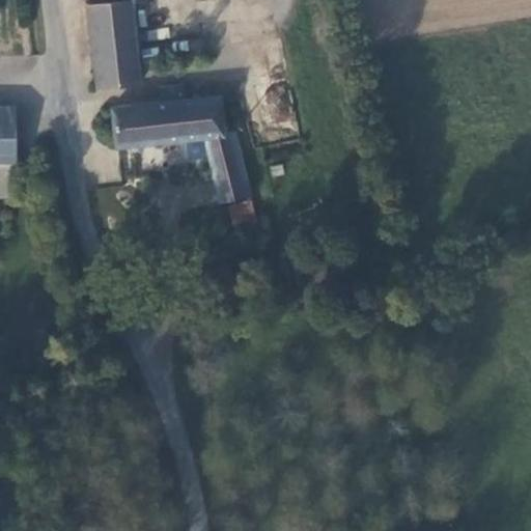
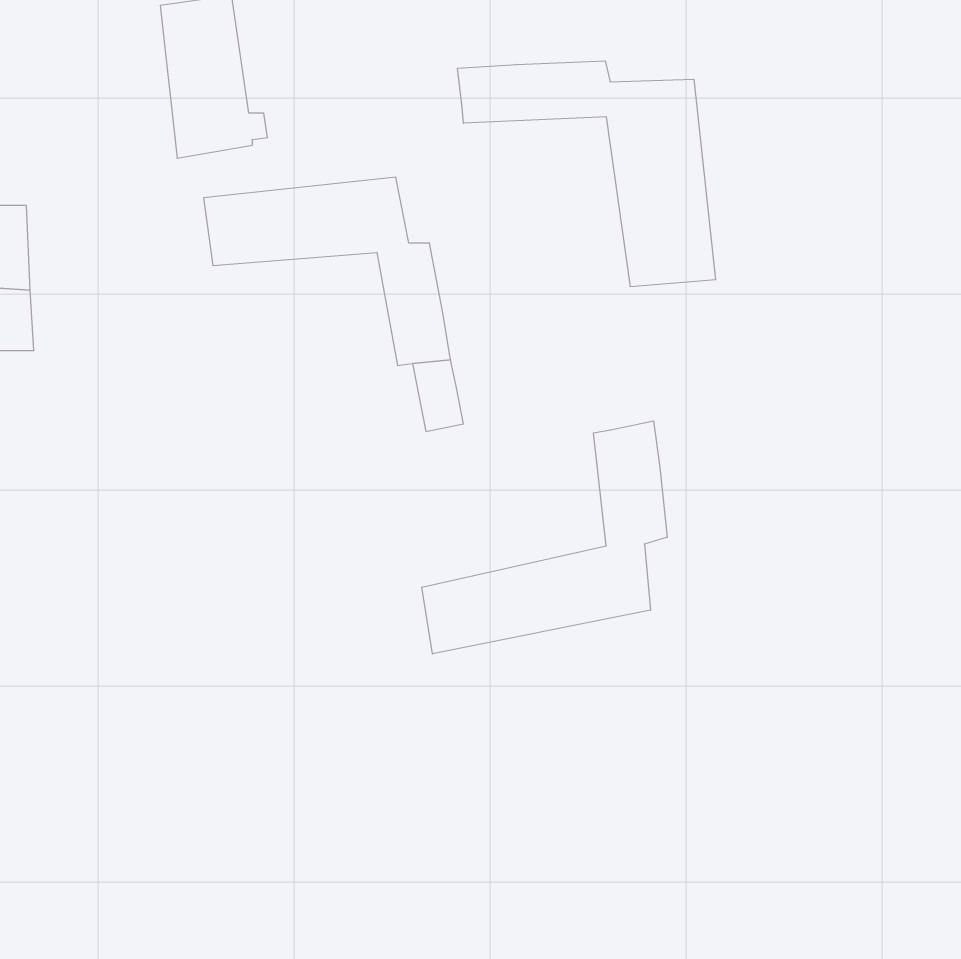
building: none -> [457,61,715,287]
building: none -> [422,421,667,654]

